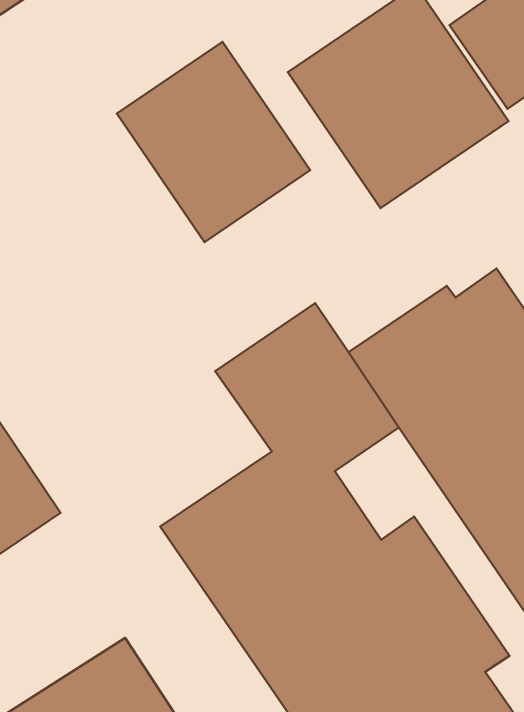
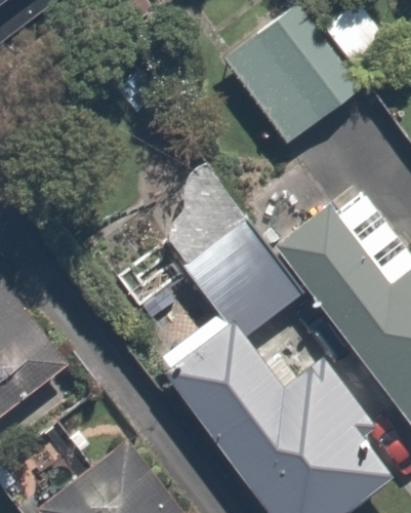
building: [117,42,310,242] -> none

